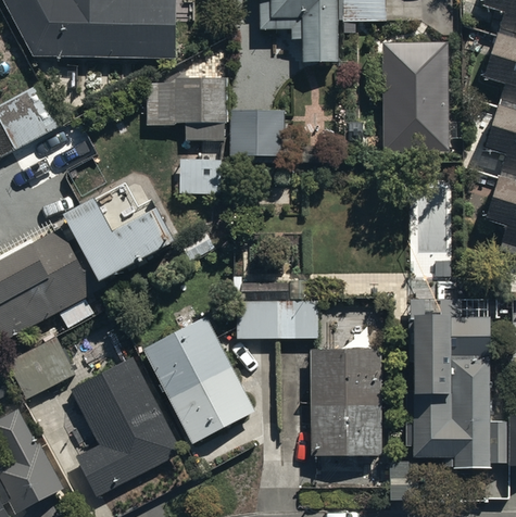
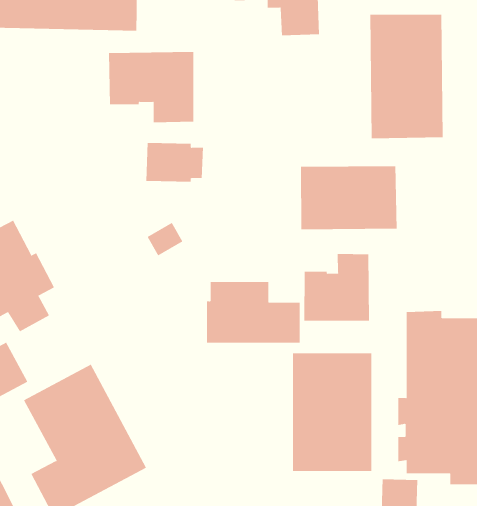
building: [229,108,284,154] -> none
building: none -> [300,165,397,230]
building: [65,194,168,276] -> none
building: none -> [304,253,370,321]
building: [144,316,255,443] -> none

